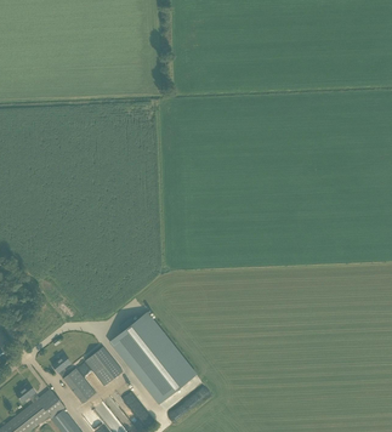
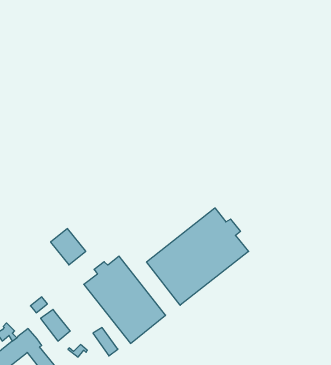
building: none -> [147,208,249,305]
building: [85,346,123,385] -> [51,229,86,265]

